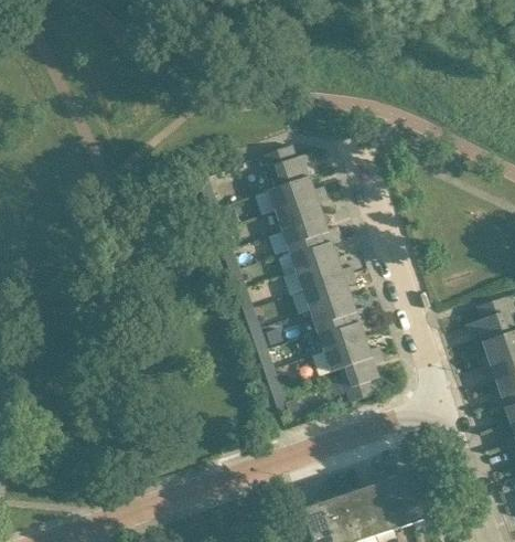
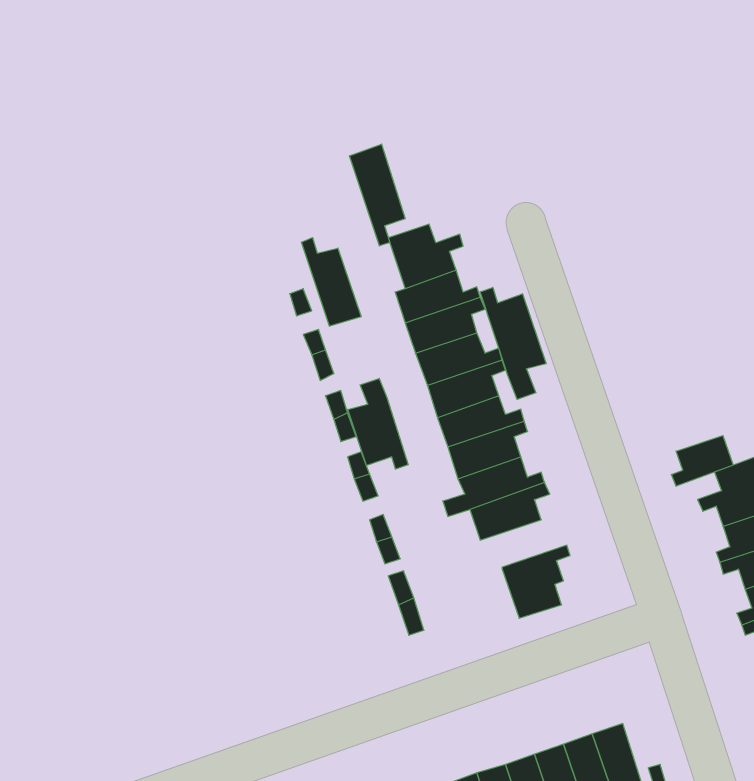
building: none -> [349,144,405,246]
building: none -> [302,238,361,326]
building: none -> [480,287,546,399]
building: none -> [348,378,408,469]
building: none -> [671,436,733,486]
building: [324,340,380,374] -> none

